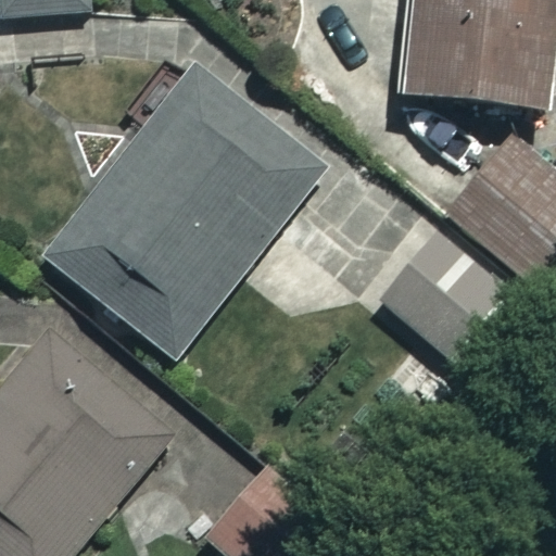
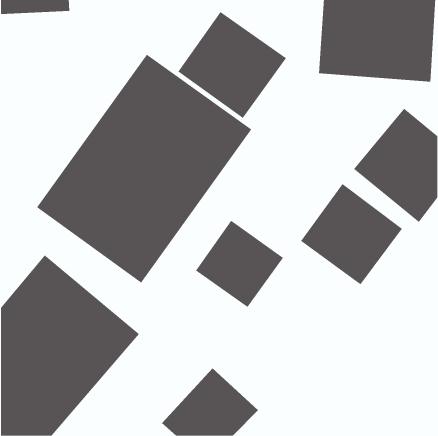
building: none -> [178,11,287,119]
building: none -> [195,220,284,308]

